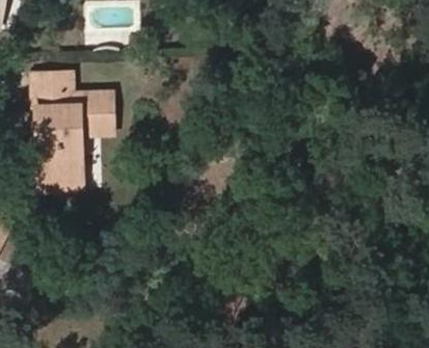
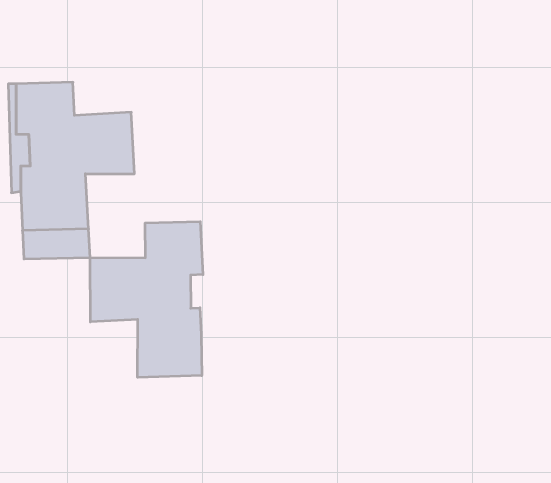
building: none -> [90,222,203,377]

